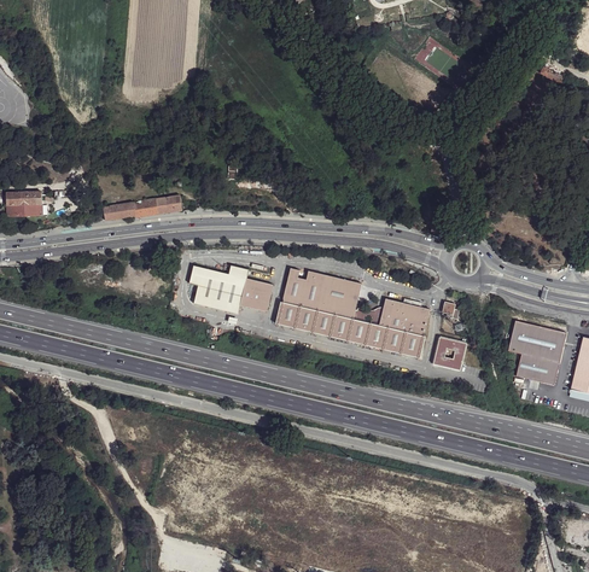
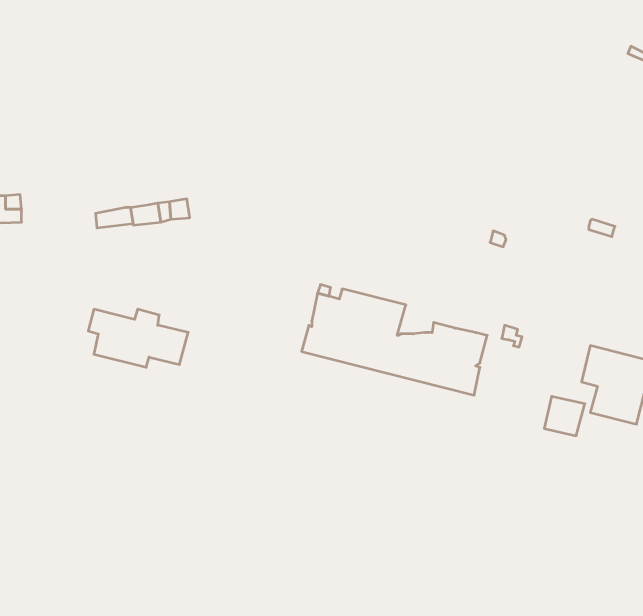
building: [191,264,274,313] -> [88,309,188,367]
building: [432,337,466,369] -> [544,396,585,436]

